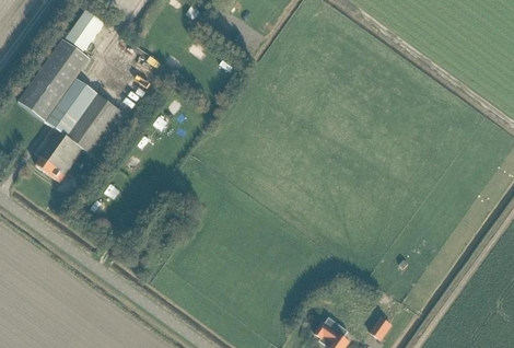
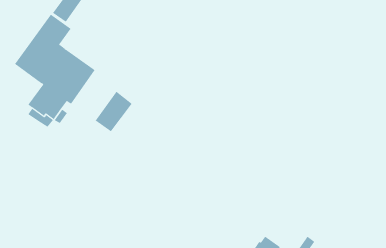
building: none -> [95,91,133,132]

